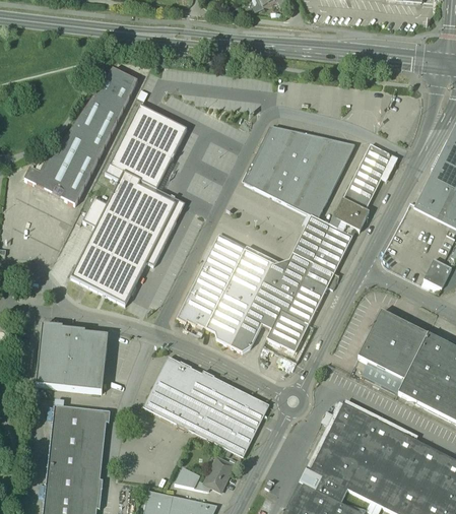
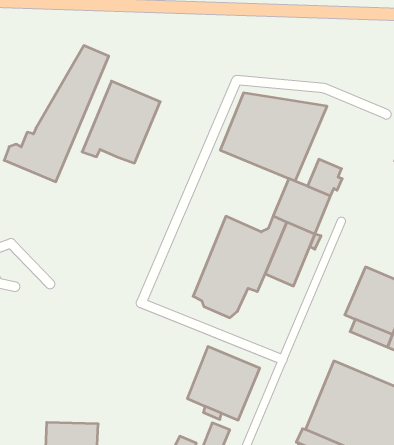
building: [343,143,393,209] -> none
building: [71,173,180,304] -> none
building: [177,240,246,327] -> none
building: [267,310,309,351] -> none
building: [37,324,109,391] -> none
building: [145,358,218,430] -> none
building: [51,405,107,449] -> none

